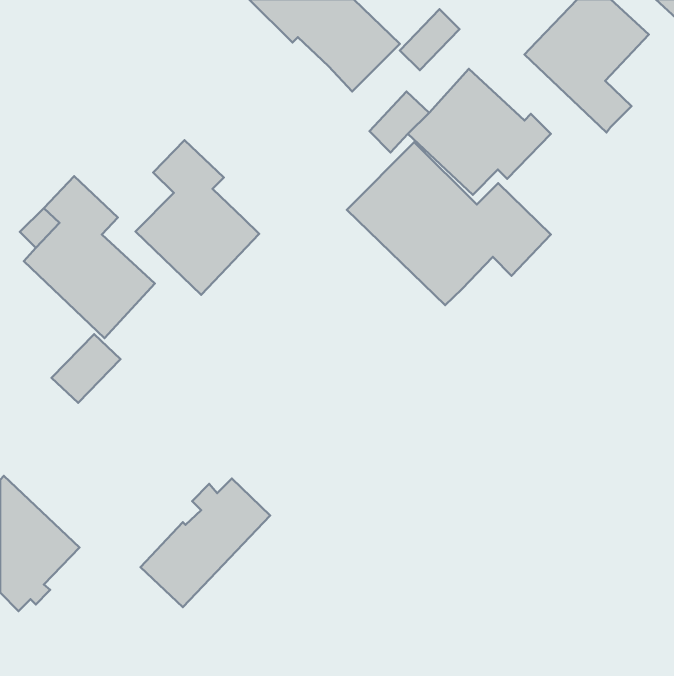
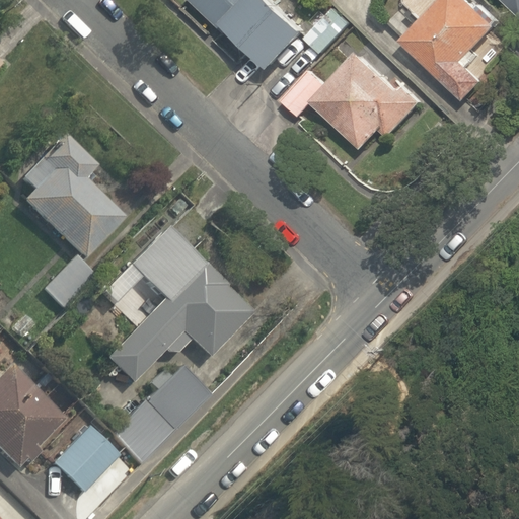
building: [135,140,259,295] -> none
building: [347,142,551,305] -> none
building: none -> [104,229,249,383]
building: none -> [52,426,118,493]

